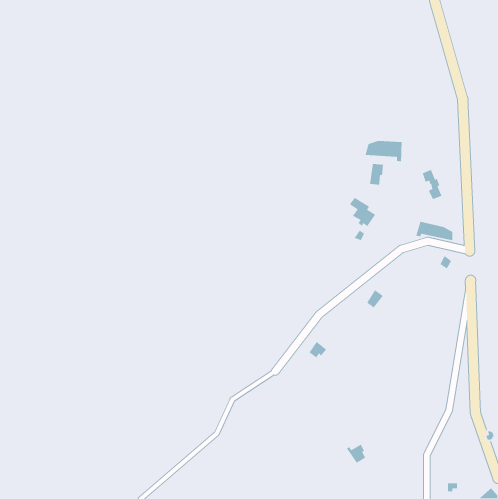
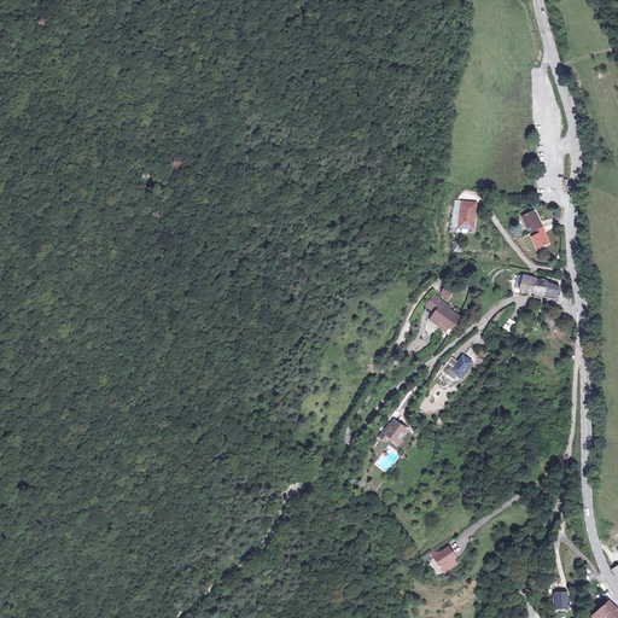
building: [365,140,402,162] -> none
building: [349,197,376,227] -> [426,295,460,332]

